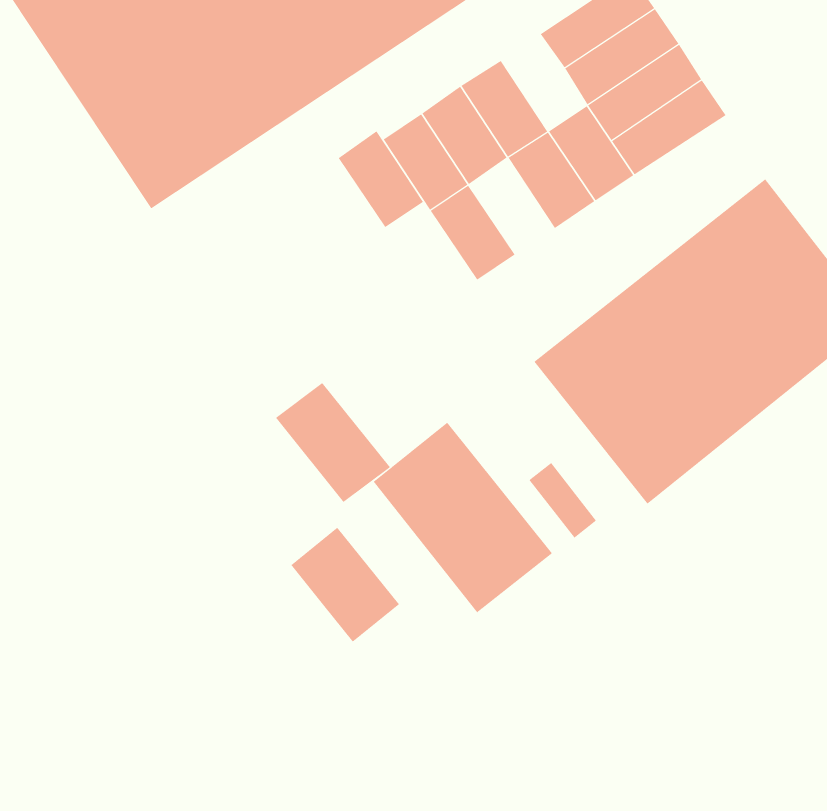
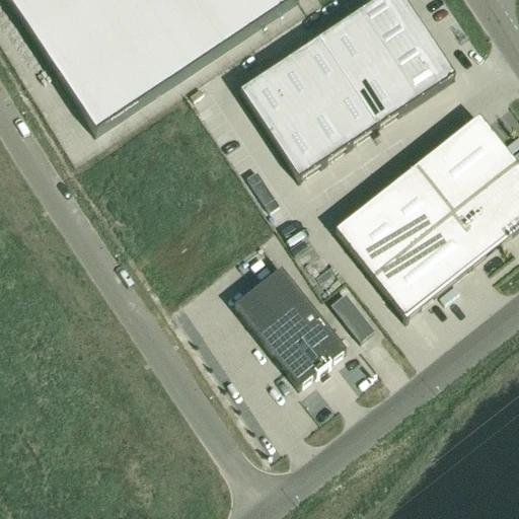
building: none -> [314,21,368,82]
building: [338,130,424,228] -> [294,98,348,159]
building: [275,382,391,503] -> none
building: [290,527,400,643] -> none

